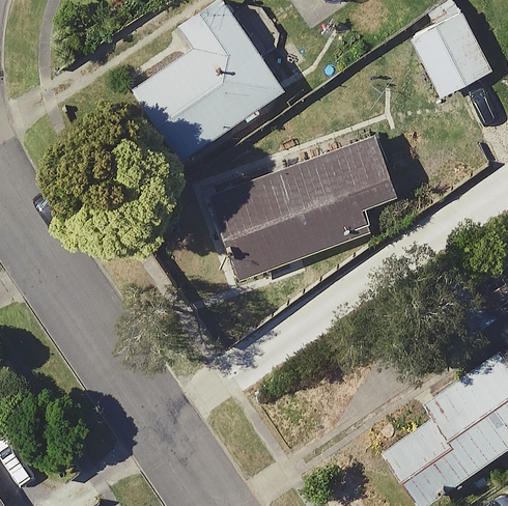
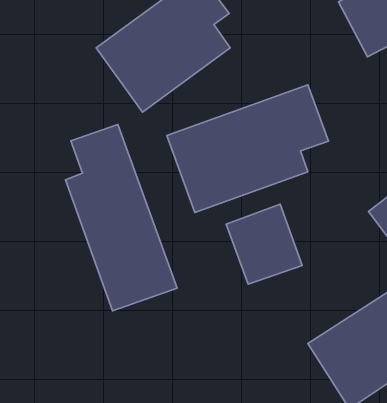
building: none -> [65,124,177,311]
building: none -> [226,204,302,284]

